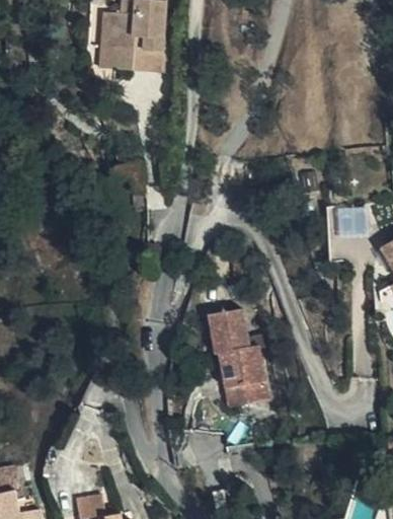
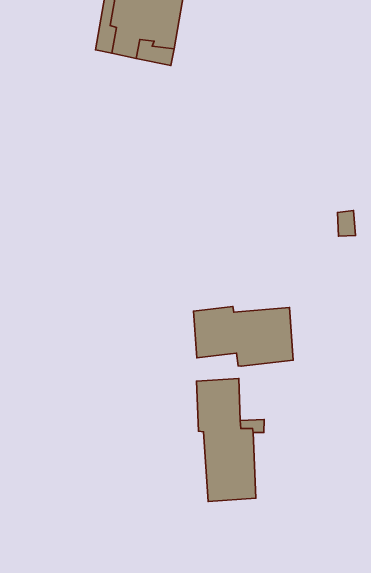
building: none -> [193,306,293,366]

